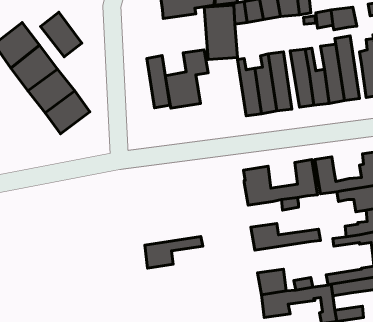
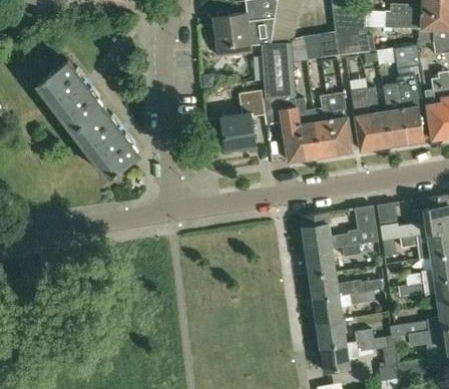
building: [40,12,82,57] -> none
building: [147,56,170,108] -> [281,107,305,162]
building: none -> [307,250,337,277]
building: [145,237,203,268] -> [314,292,375,325]

